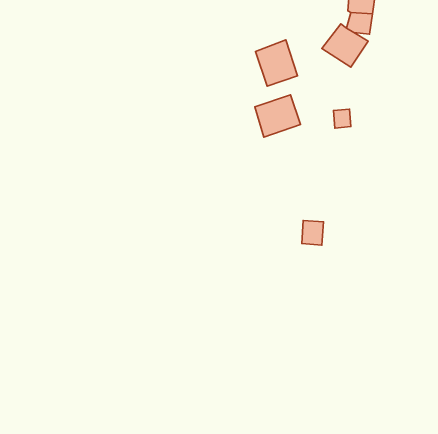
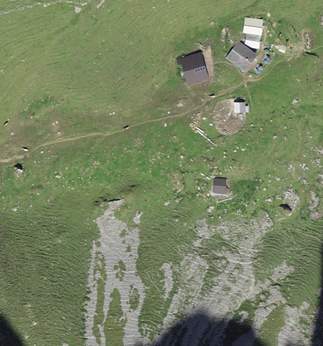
building: [255,95,300,137] -> none

